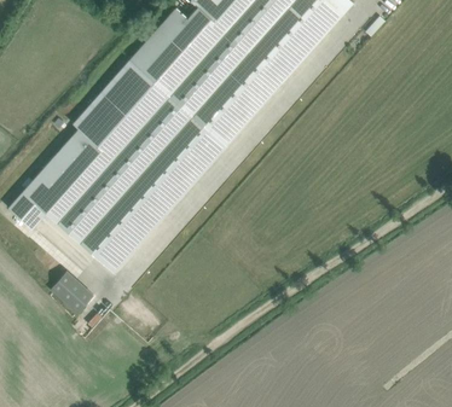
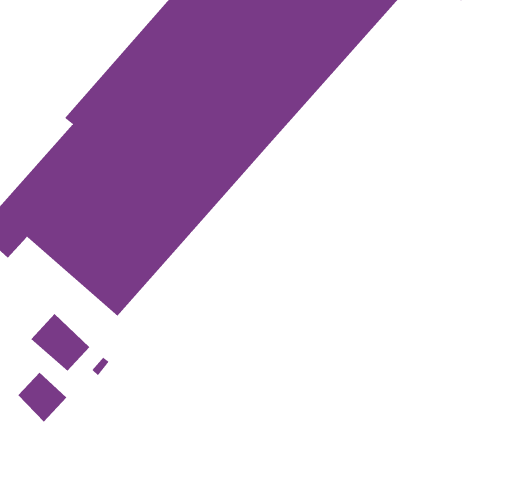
building: none -> [18,372,67,422]

